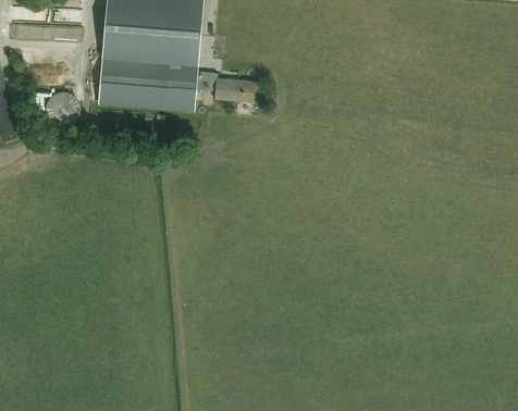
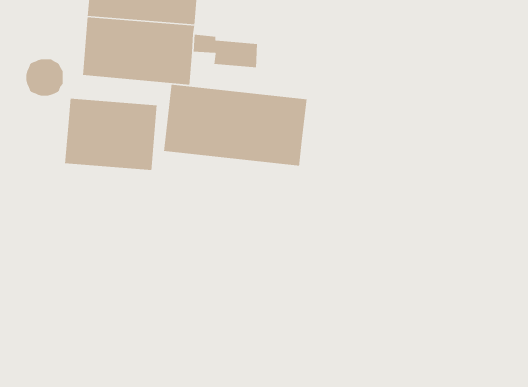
building: none -> [163,84,308,167]
building: none -> [64,98,158,171]

